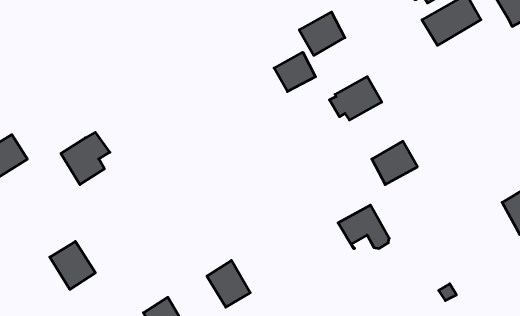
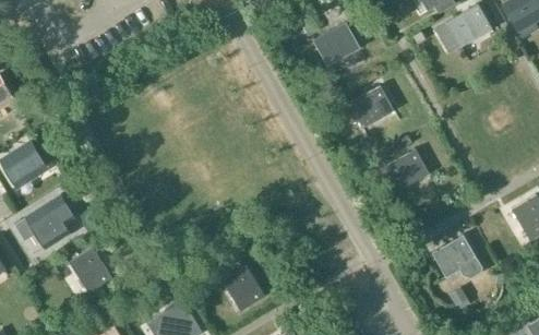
building: [274,52,316,92] -> none
building: [61,132,110,185] -> [26,196,74,248]
building: [338,205,389,248] -> [431,235,481,277]

